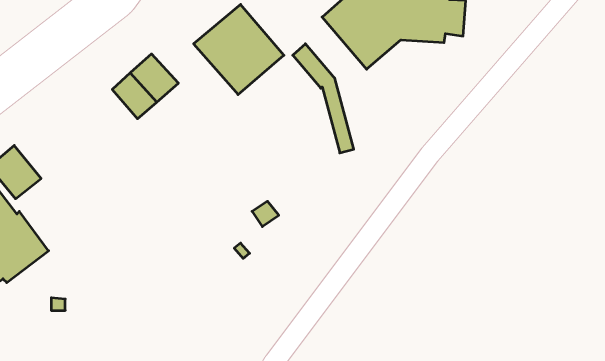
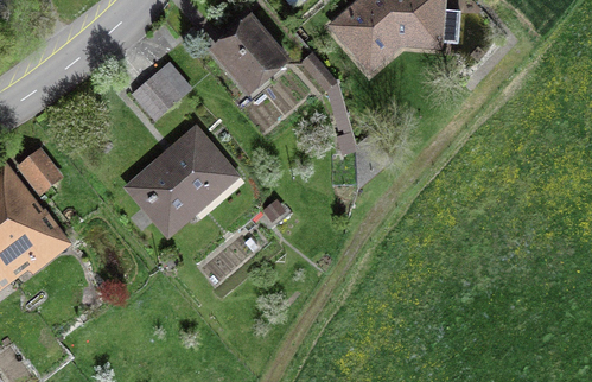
building: none -> [121,125,240,238]

